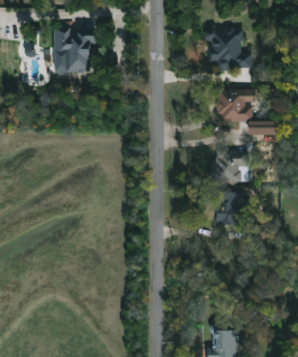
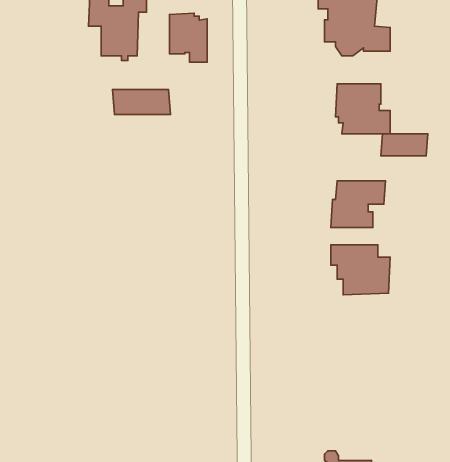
building: none -> [170,13,207,62]
building: none -> [112,90,170,114]

